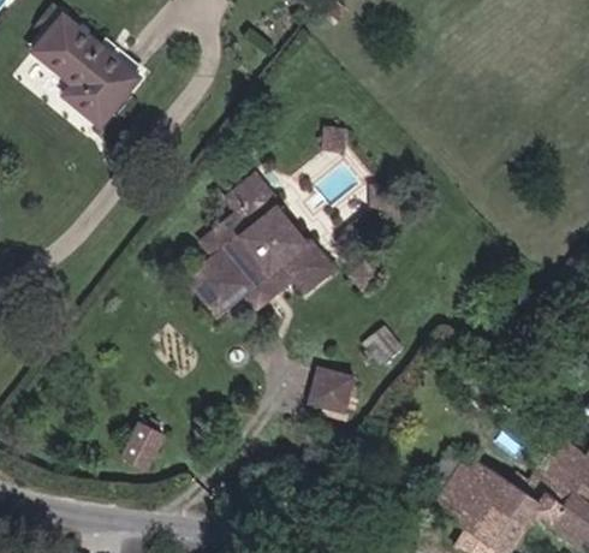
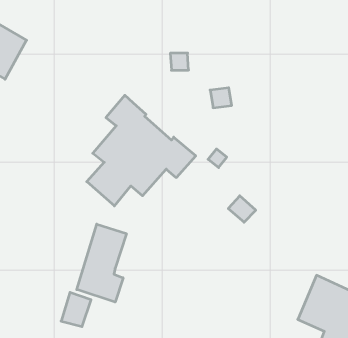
building: none -> [77,224,126,302]
building: [309,368,355,414] -> none

